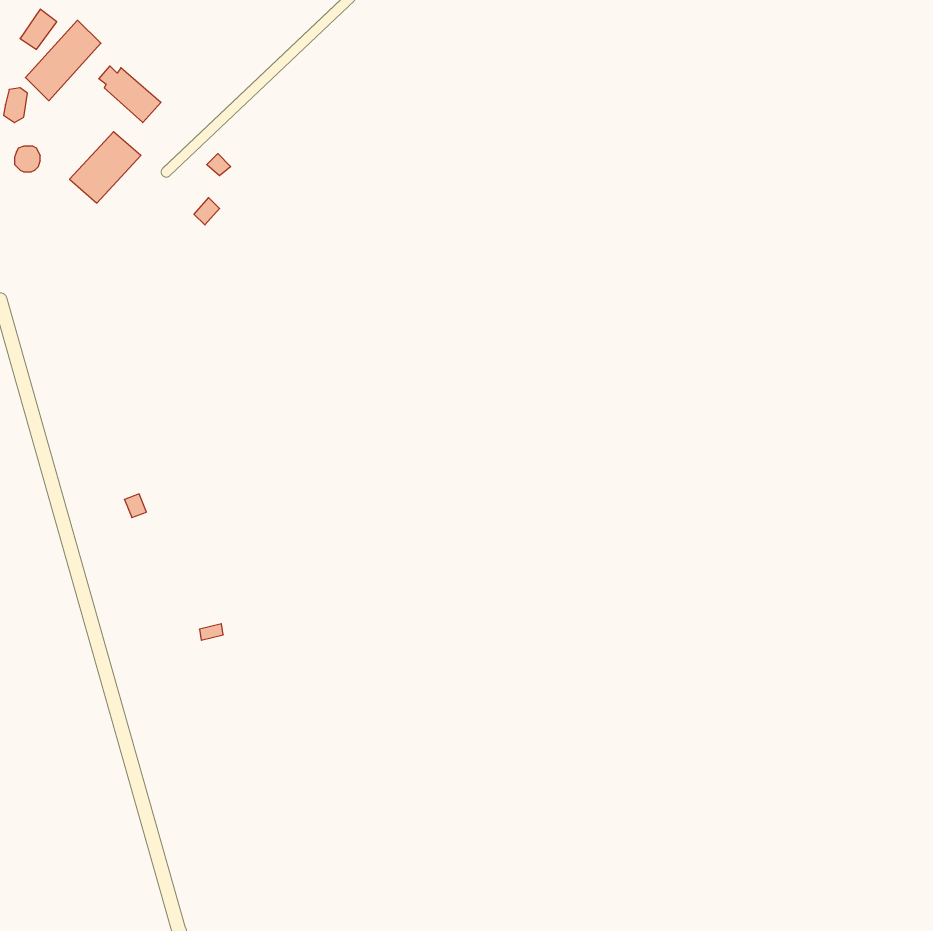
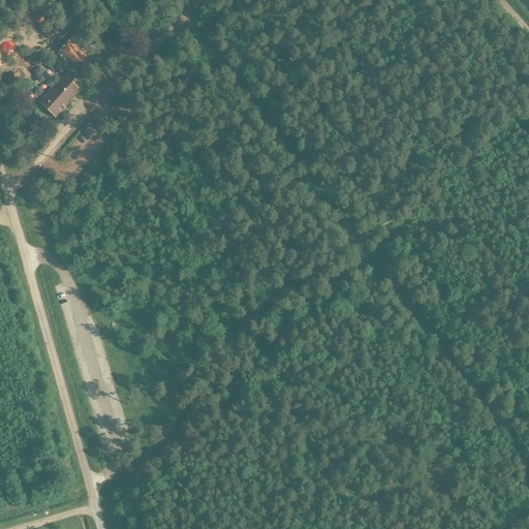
building: [25,20,101,101] -> none

